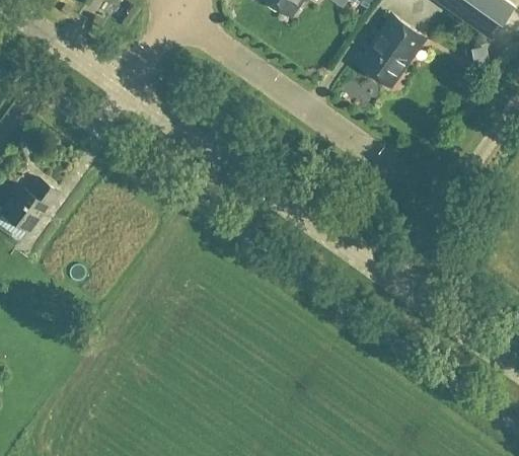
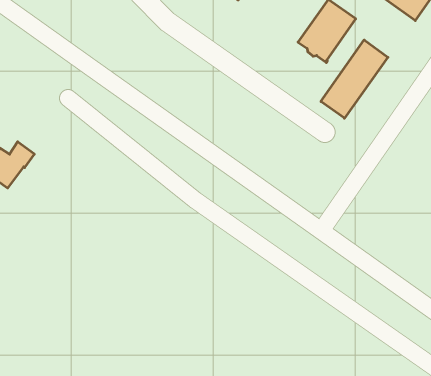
building: none -> [321,40,388,118]

